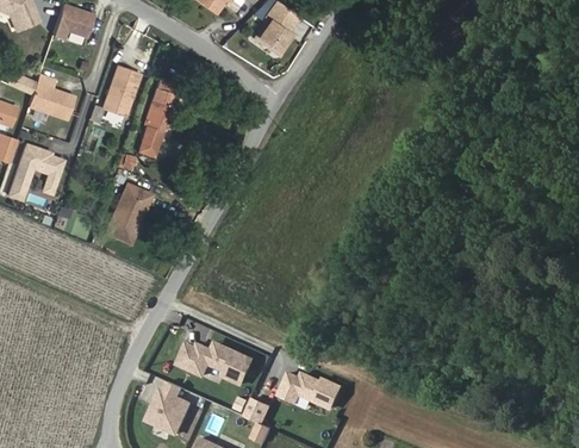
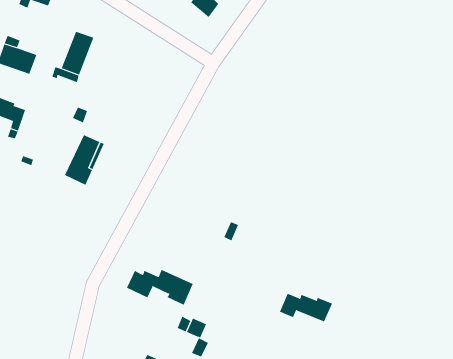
building: [137,70,181,148] -> none
building: [278,368,340,402] -> [279,293,333,322]
building: [148,379,192,431] -> none

